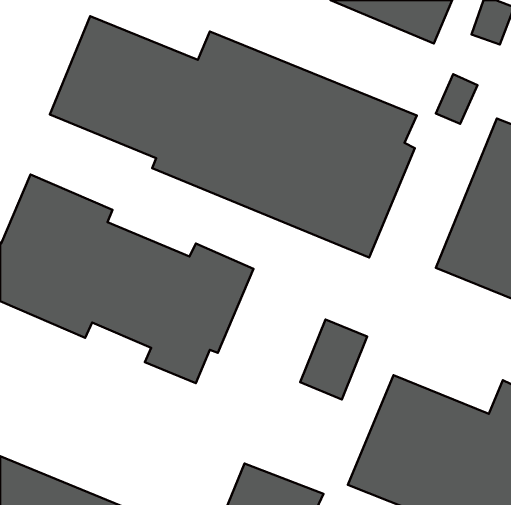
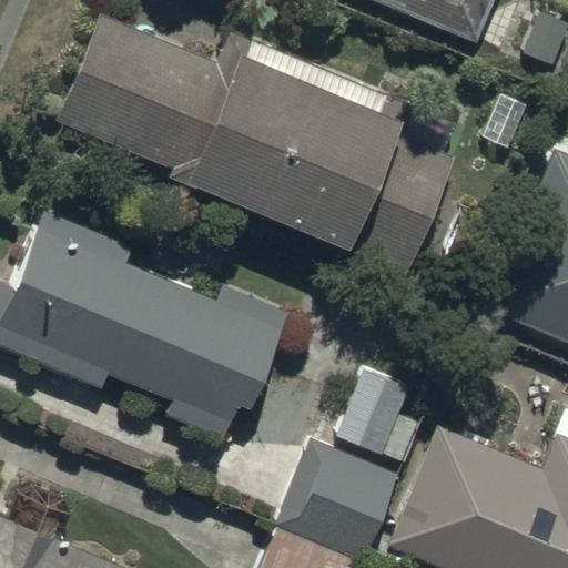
building: none -> [277,436,394,552]

